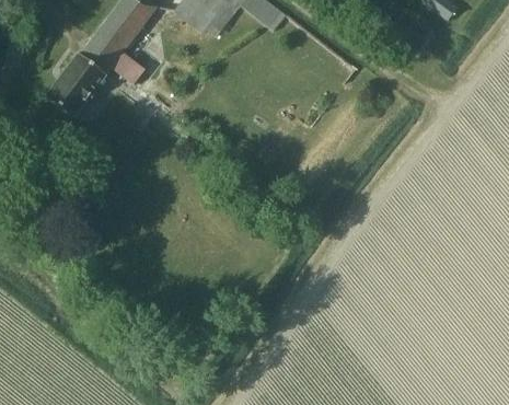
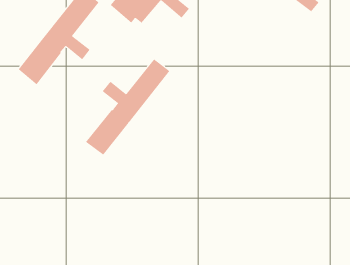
building: none -> [85,58,170,156]

